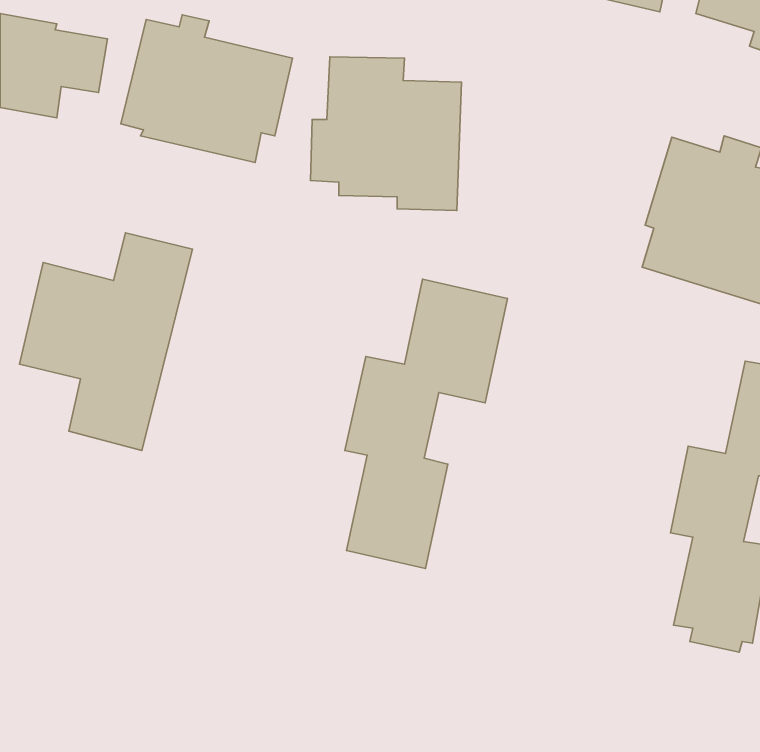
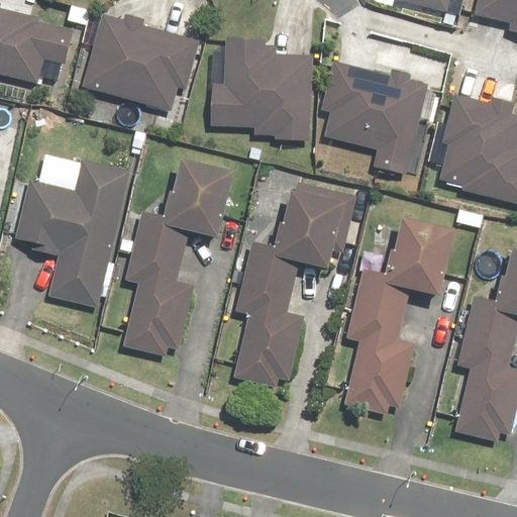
building: none -> [320,59,440,179]
building: none -> [124,160,235,355]
building: none -> [343,217,454,412]

